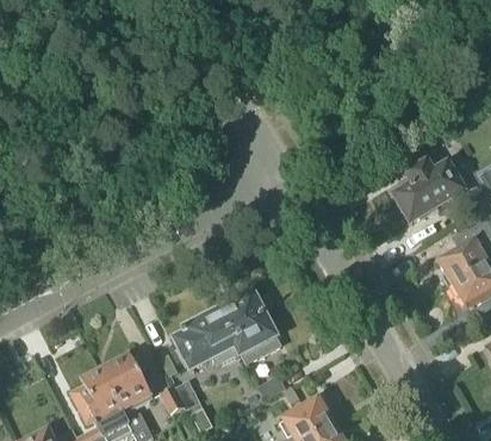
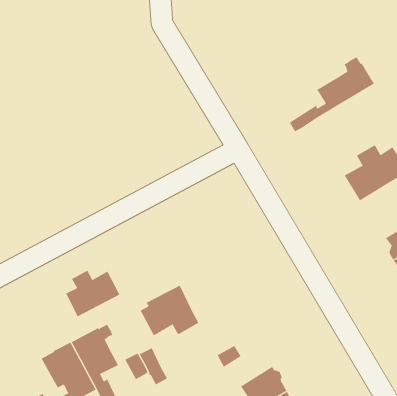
building: none -> [289,56,375,132]
building: [219,291,280,364] -> none
building: none -> [66,270,120,317]

